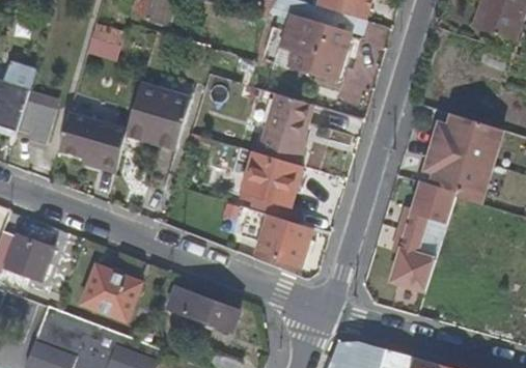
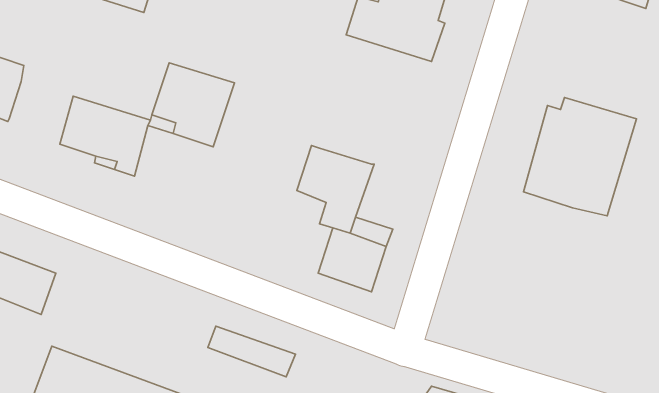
building: [258,93,317,165] -> none
building: [17,101,55,145] -> none
building: [388,187,455,294] -> none
building: [82,268,140,321] -> none

